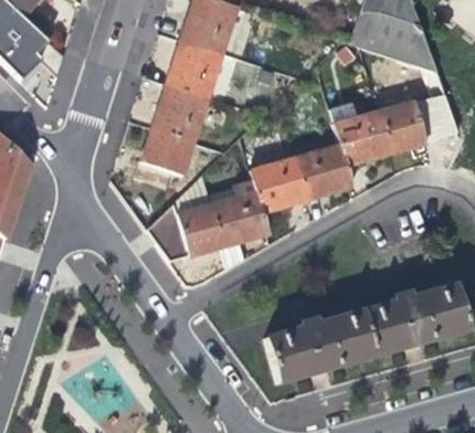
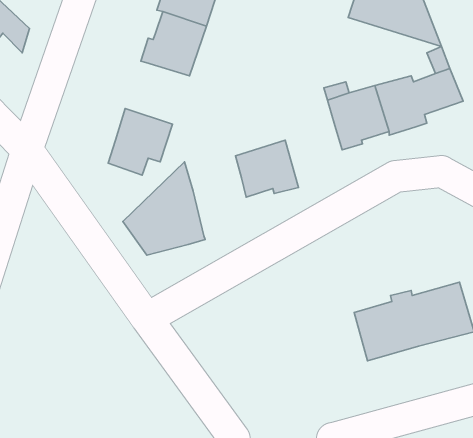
building: [149,85,208,141] -> none
building: [295,142,351,199] -> none
building: [211,190,266,243] -> none
building: [264,313,370,382] -> none

